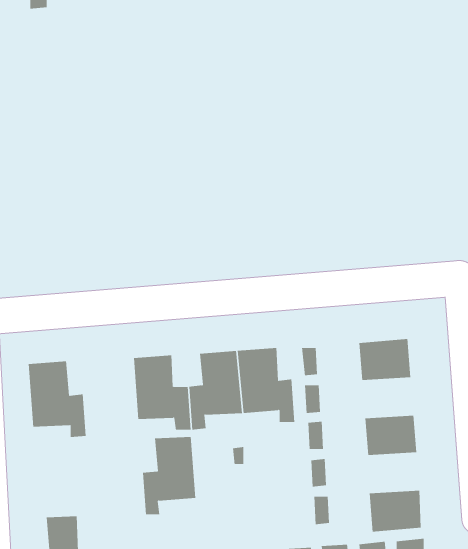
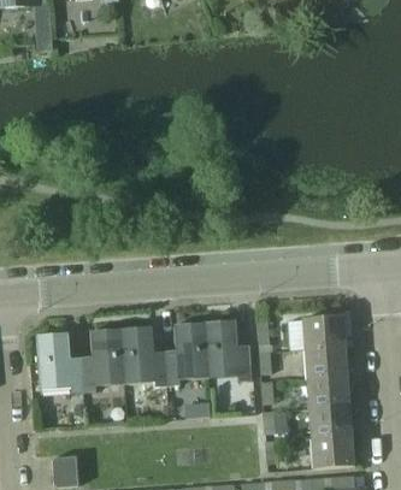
building: none -> [303,346,346,378]
building: [142,437,196,515] -> [81,330,124,392]
building: none -> [308,406,350,438]

